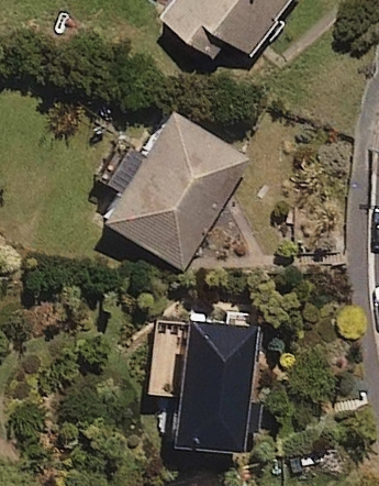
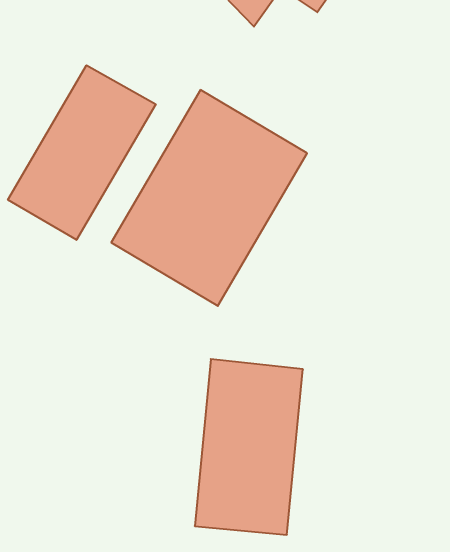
building: none -> [8,65,156,240]

